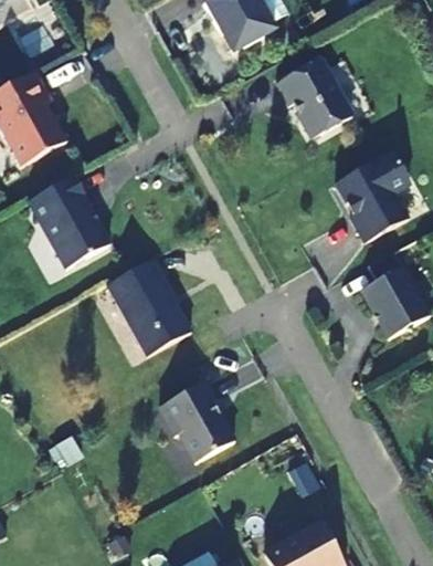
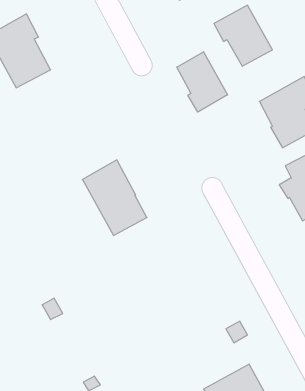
building: none -> [177,52,228,112]
building: [29,175,109,268] -> none
building: [159,380,233,462] -> none

